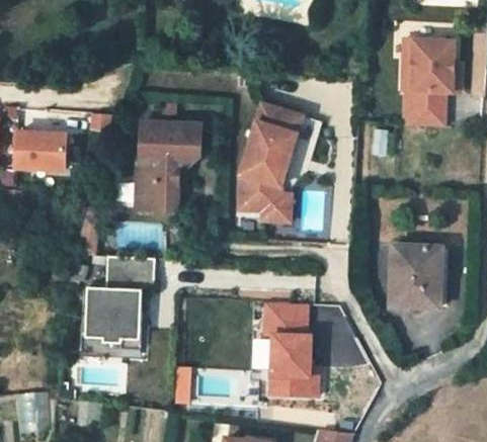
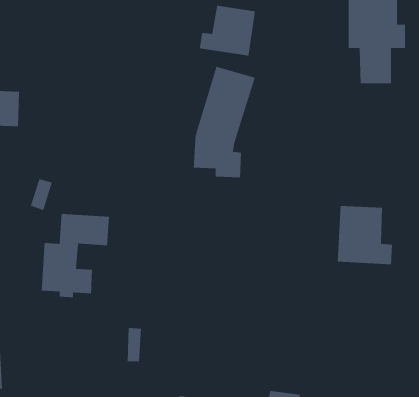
building: none -> [199,5,256,56]
building: [130,119,196,205] -> none
building: [265,306,318,399] -> none

